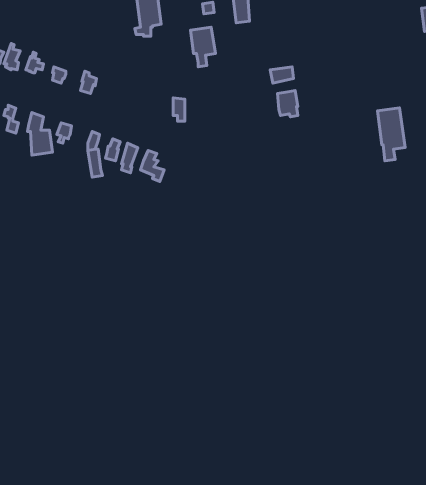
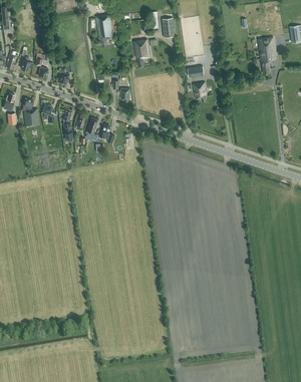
building: [377,108,405,161] -> [257,37,276,73]

